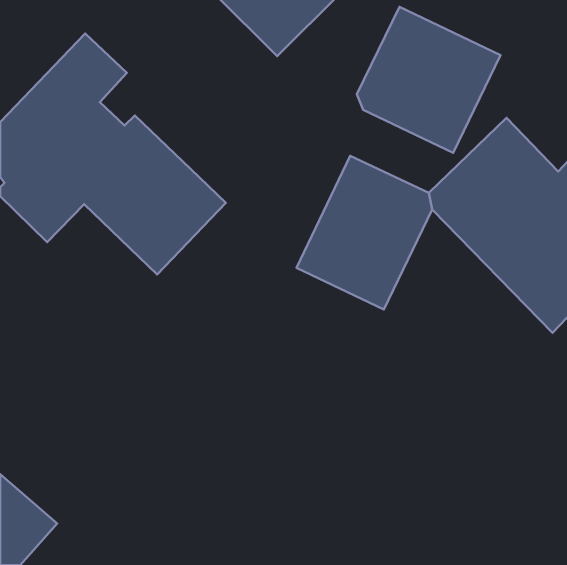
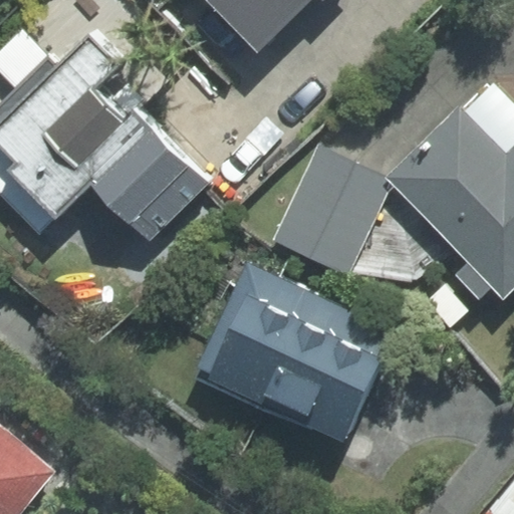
building: [357,7,501,153] -> none
building: none -> [195,265,395,445]

